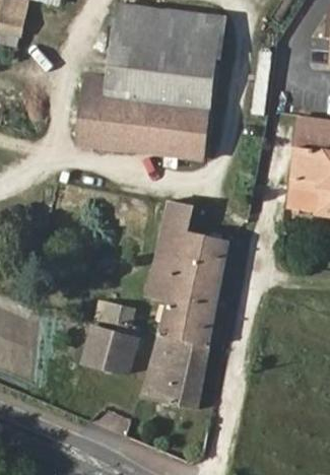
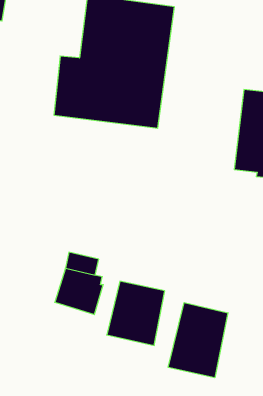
building: [147,202,227,345] -> none
building: none -> [168,303,228,378]

